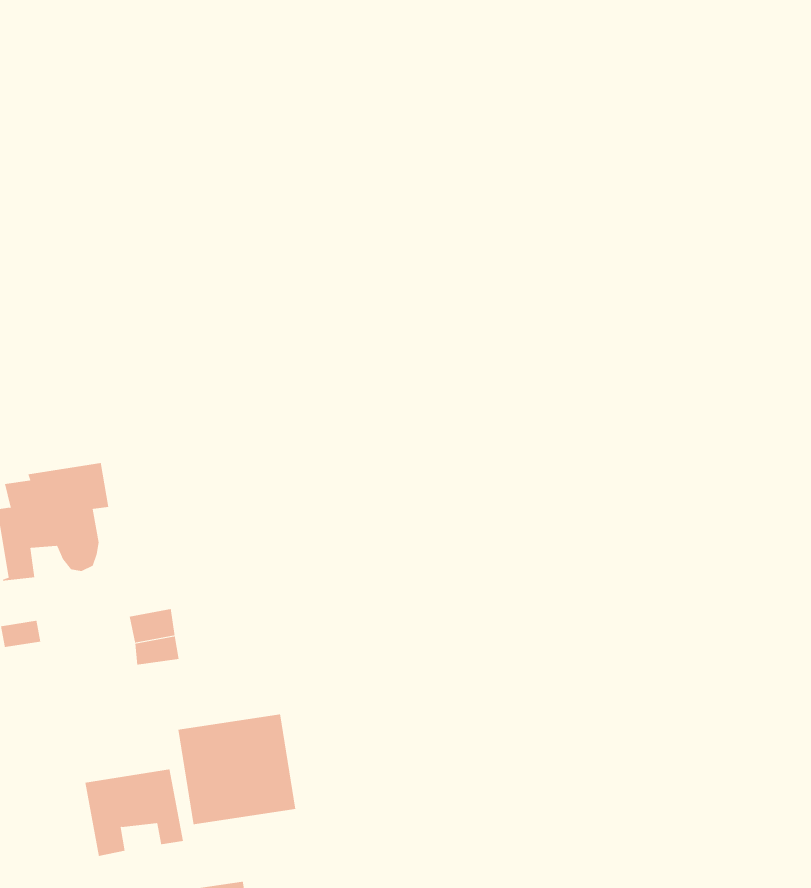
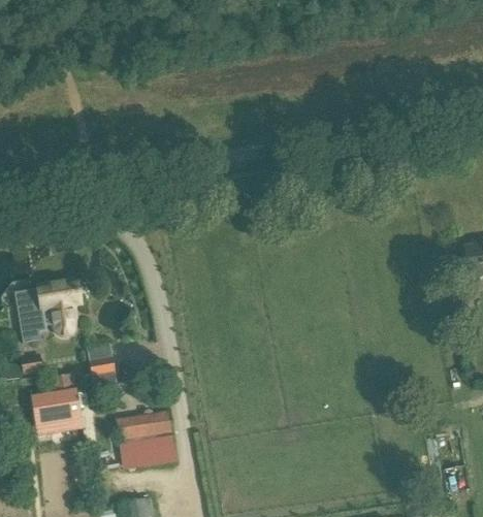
building: [84,769,184,857] -> [30,388,83,434]

